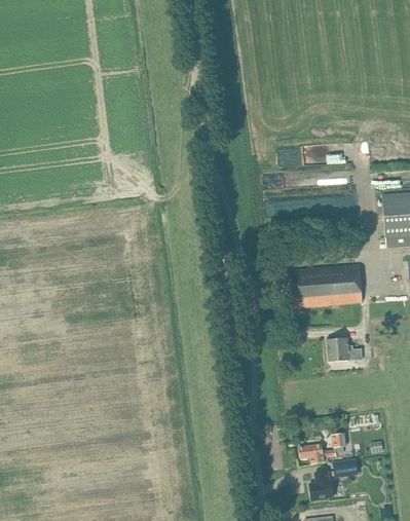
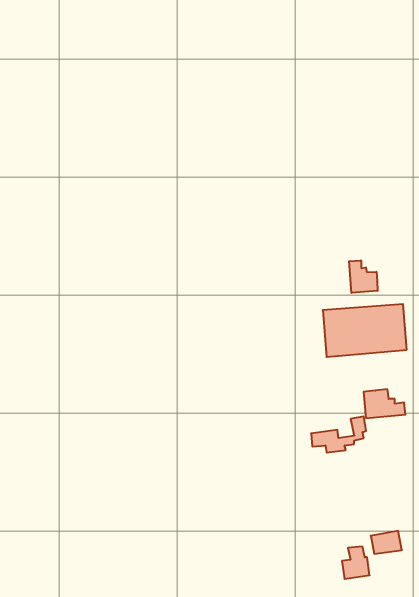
building: none -> [349,260,378,293]
building: [299,432,346,462] -> [311,417,366,453]

